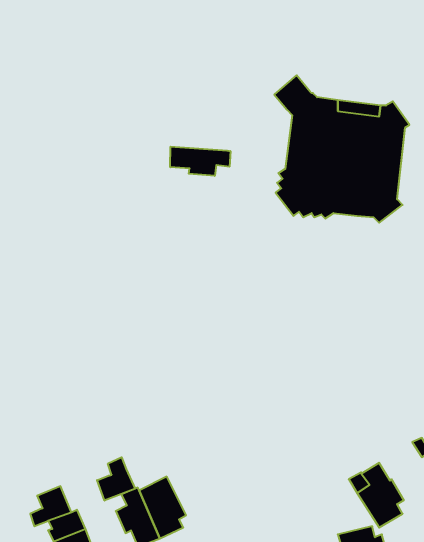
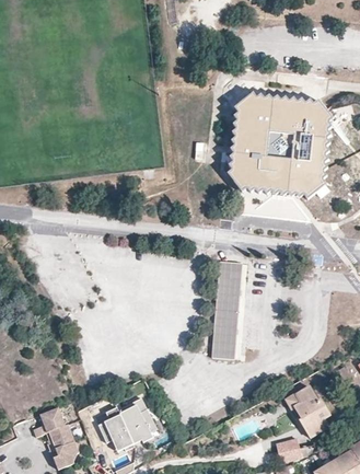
building: [170,147,230,176] -> none
building: none -> [210,262,246,358]
building: [97,457,135,501] -> none

